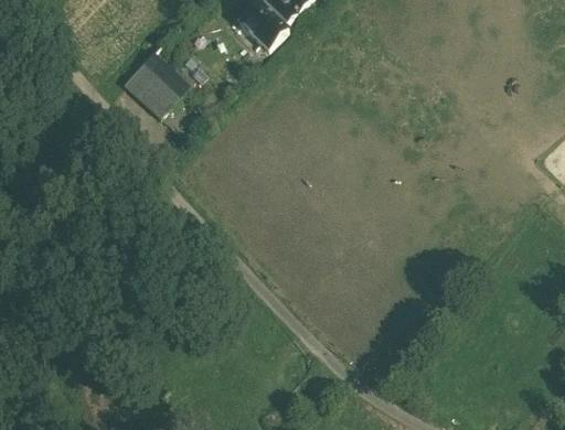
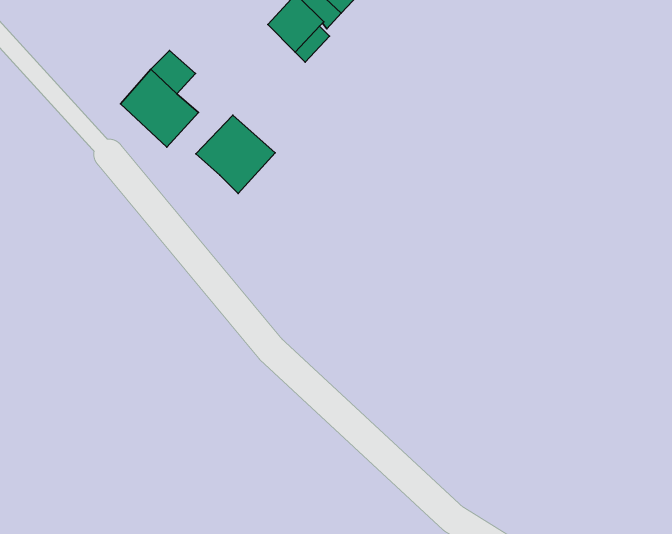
building: none -> [196,115,275,193]

